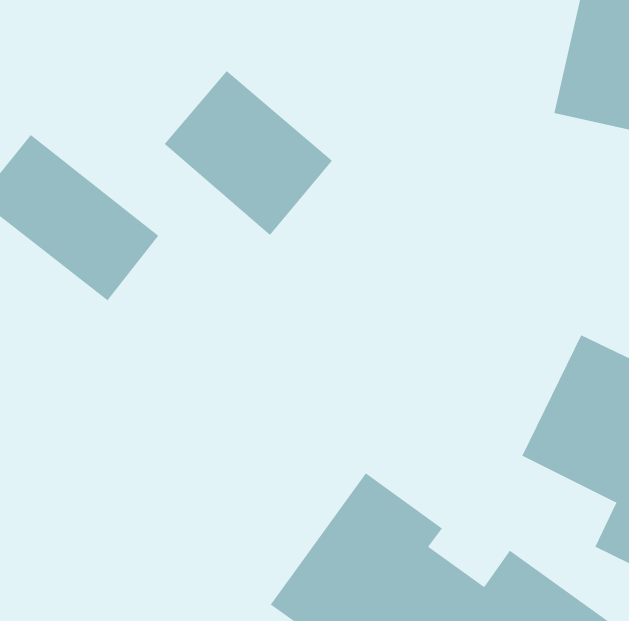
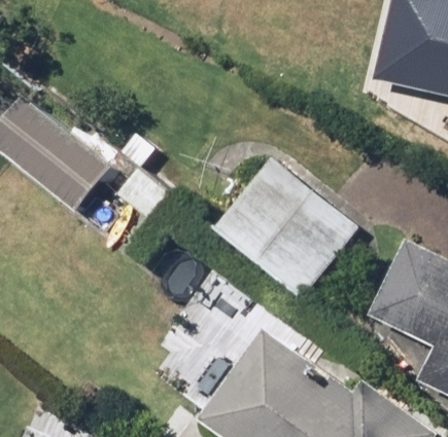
building: [164,70,333,236] -> none
building: none -> [205,148,359,300]

